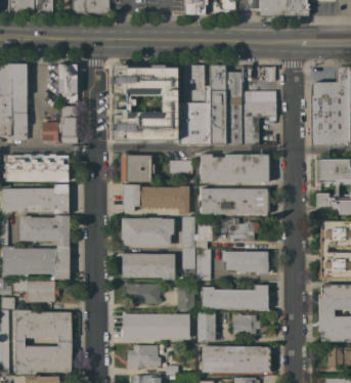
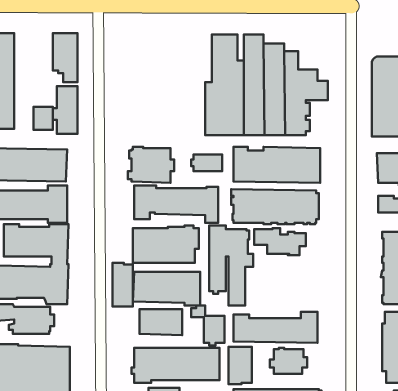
building: [113,65,178,139] -> none
building: none -> [112,263,133,306]
building: [222,251,269,272] -> none

